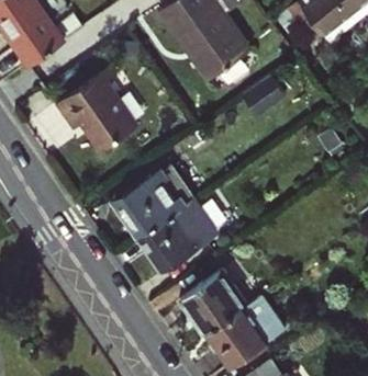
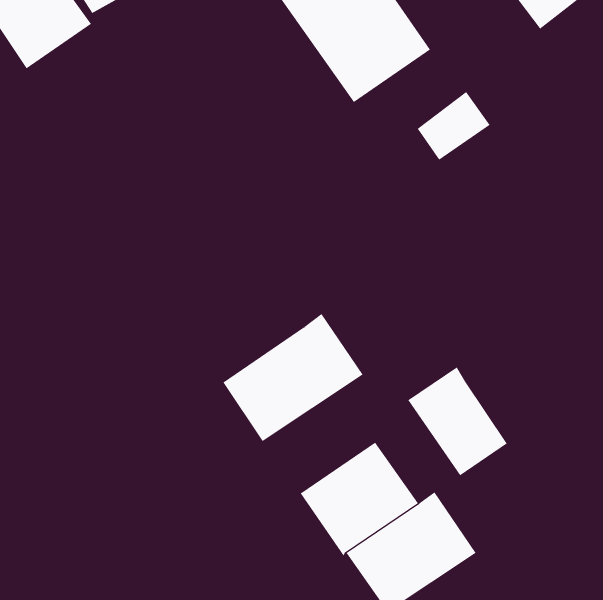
building: [57,67,140,151] -> none
building: [114,173,182,238] -> none
building: none -> [408,366,508,476]

